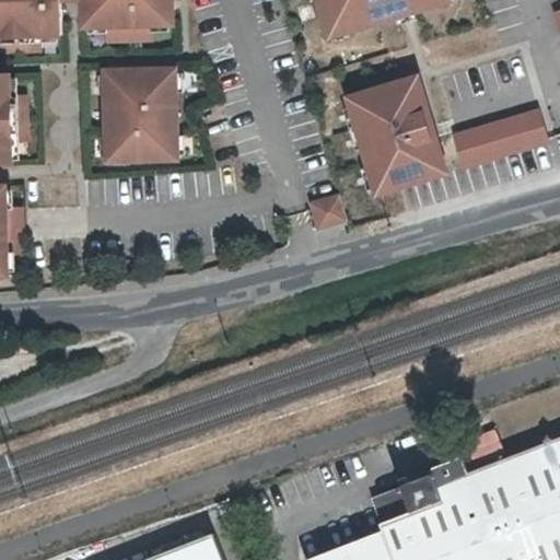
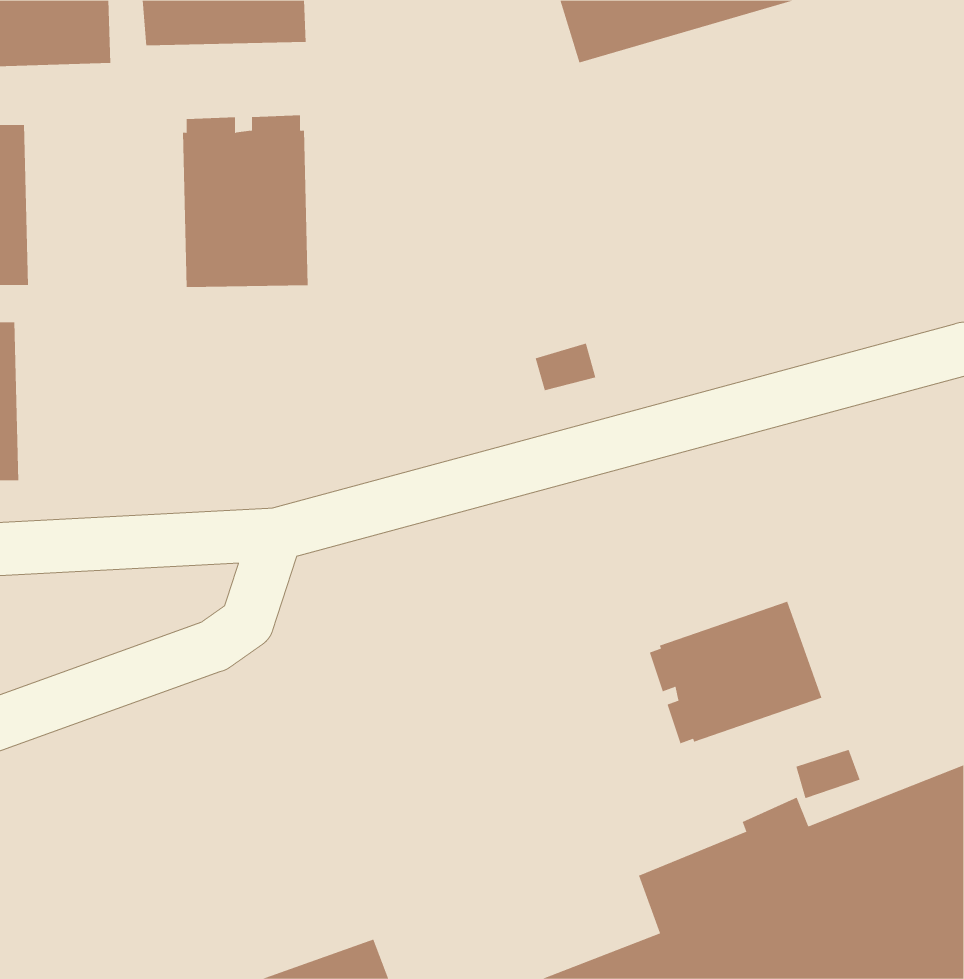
building: [345,73,448,196] -> none
building: [445,106,546,171] -> none
building: none -> [649,601,822,744]

